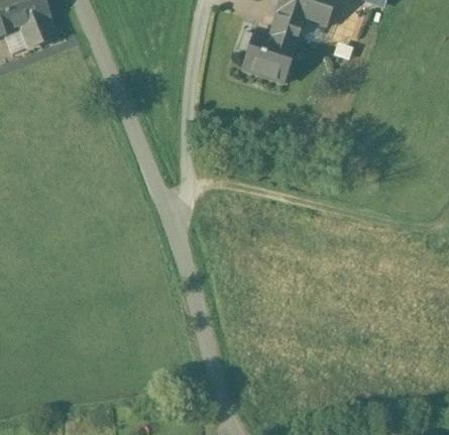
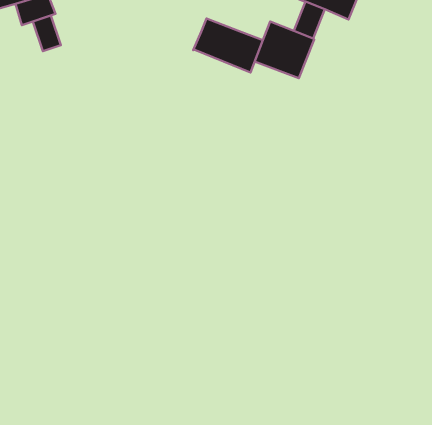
building: none -> [193,18,263,73]
building: none -> [33,16,61,51]

